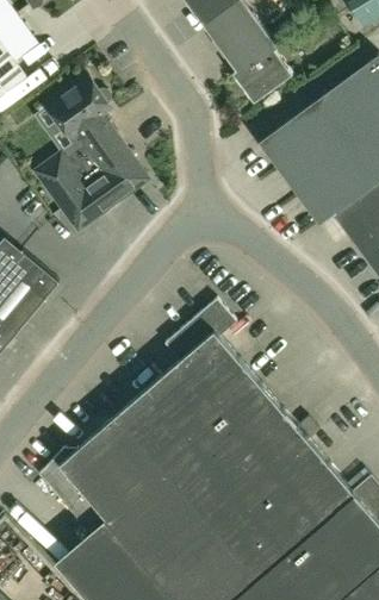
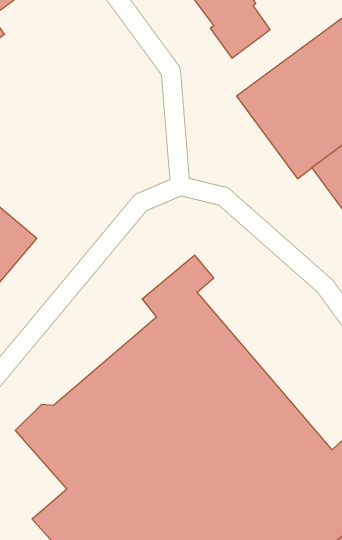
building: [37,76,148,231] -> none

